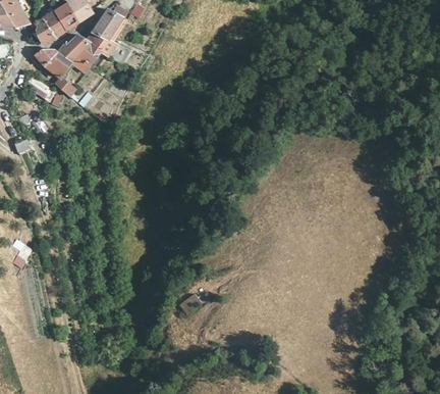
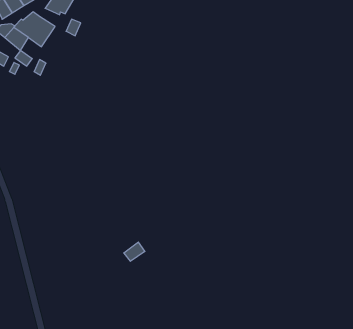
building: [84,32,116,57] -> none

